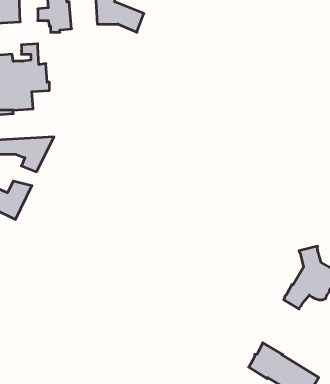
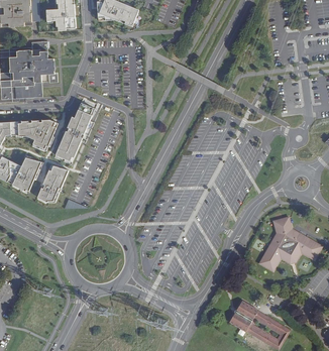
building: none -> [56,108,93,164]
building: none -> [37,167,68,206]

